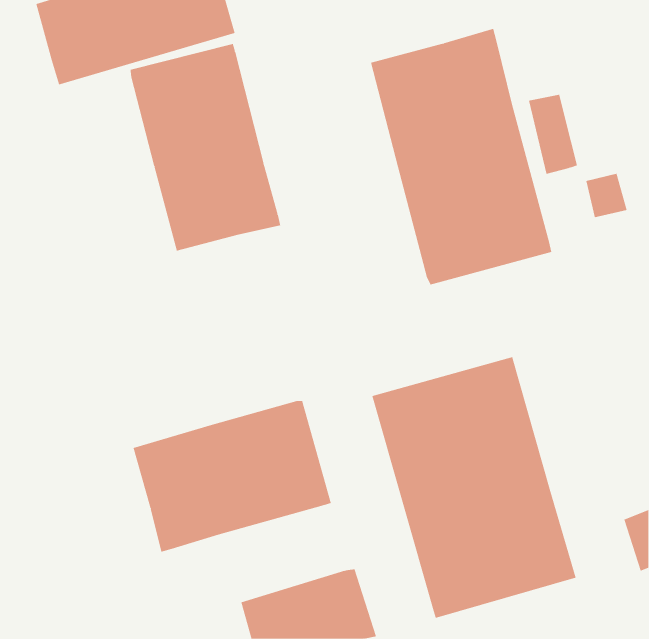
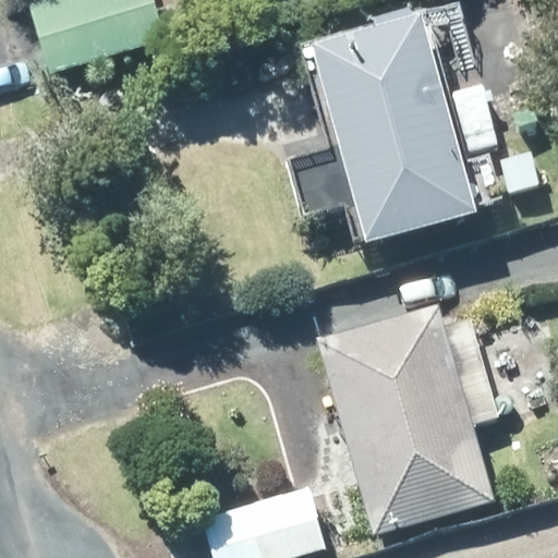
building: [130,43,281,251] -> none
building: [133,400,331,552] -> none

